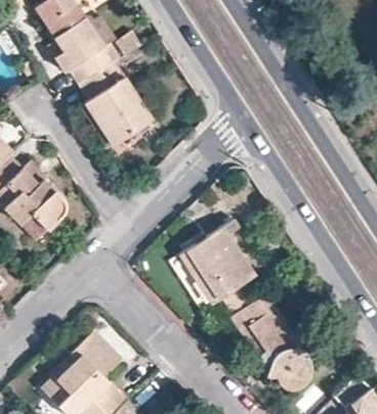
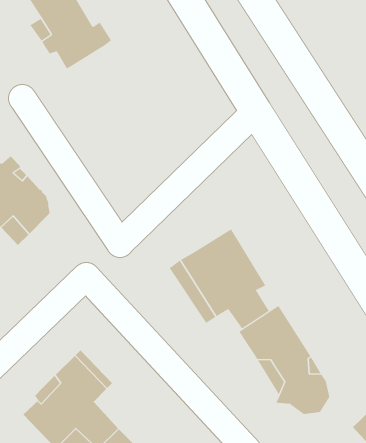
building: [79,62,152,145] -> none

